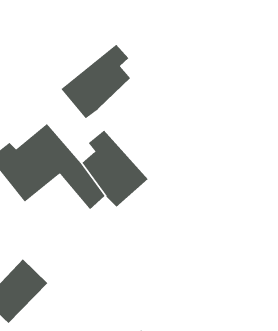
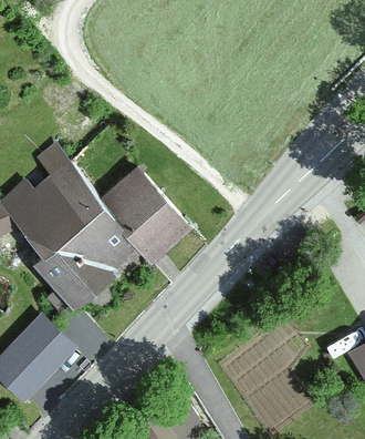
building: [61,44,131,119] -> none
building: none -> [36,225,119,306]

